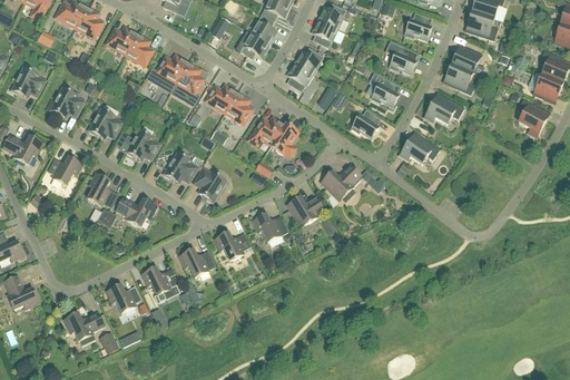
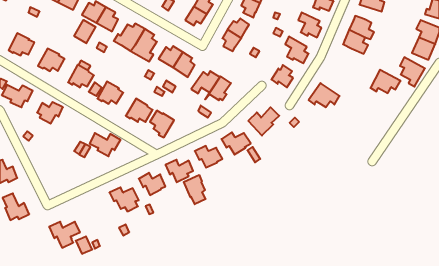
building: none -> [74,20,96,43]
building: [425,92,464,123] -> [370,70,401,93]
building: [88,172,118,206] -> none
building: none -> [184,175,206,204]
building: [107,283,140,312] -> none

